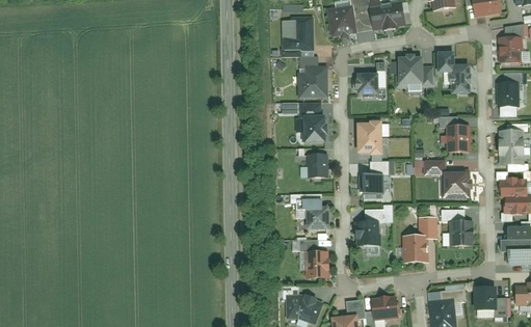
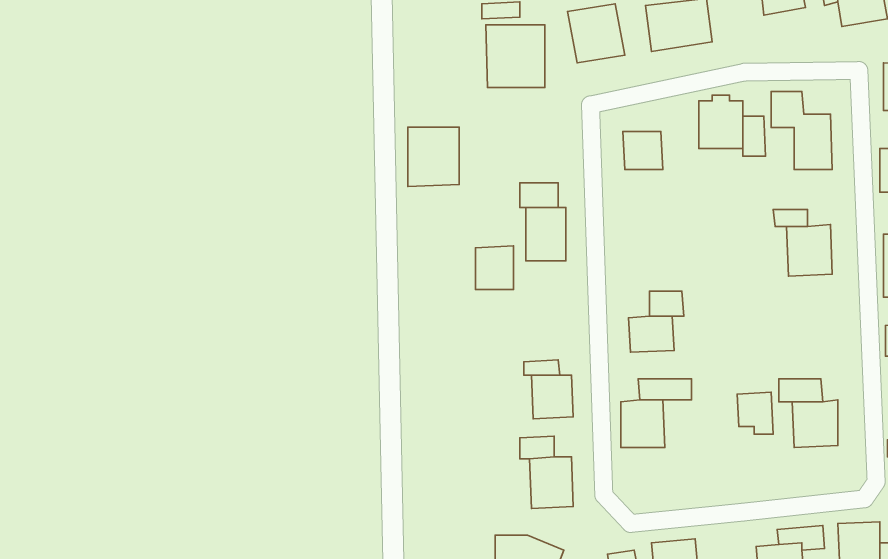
building: [299,65,327,98] -> [408,127,459,186]
building: [356,120,382,156] -> none
building: [308,154,328,178] -> [475,246,514,290]
building: [424,160,471,198] -> none
building: [402,235,429,264] -> none

